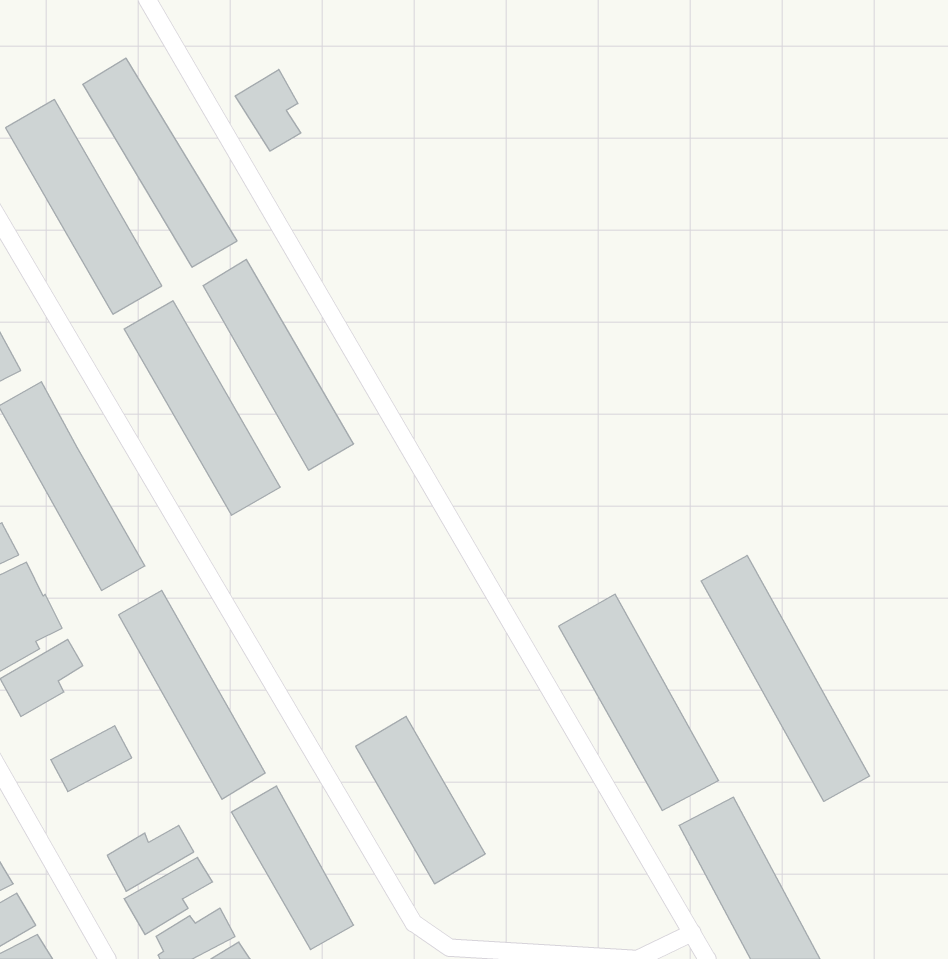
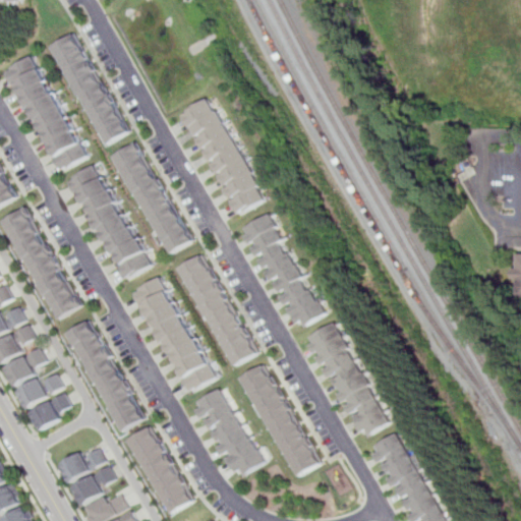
building: [235,69,301,151] -> none
building: none -> [180,97,265,214]
building: none -> [238,213,324,330]
building: none -> [175,253,256,367]
building: none -> [132,275,217,392]
building: [701,555,870,801] -> none
building: none -> [238,363,316,477]
building: none -> [13,374,60,407]

